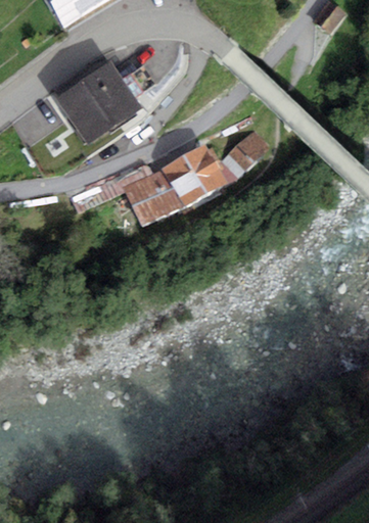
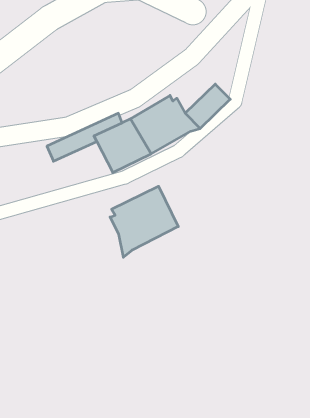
building: [56,60,142,144] -> none
building: none -> [110,186,178,257]

